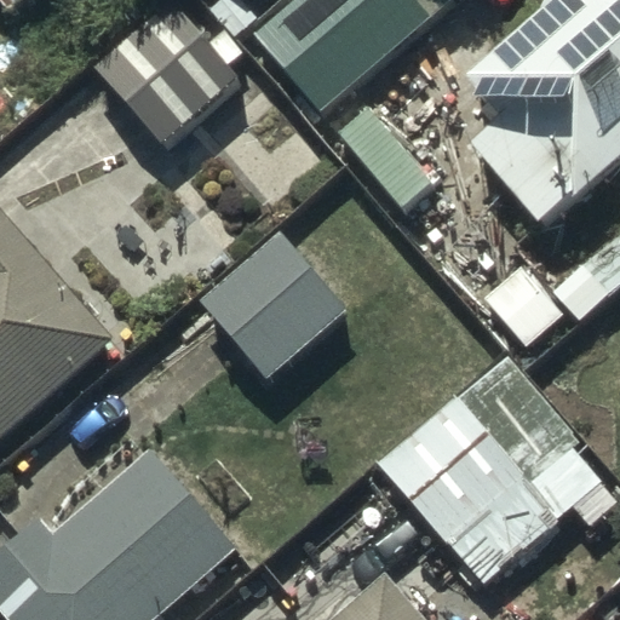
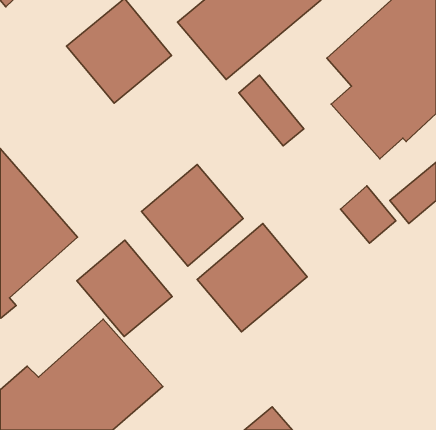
building: none -> [197,224,307,332]
building: none -> [77,240,172,337]
building: [380,356,587,580] -> none

